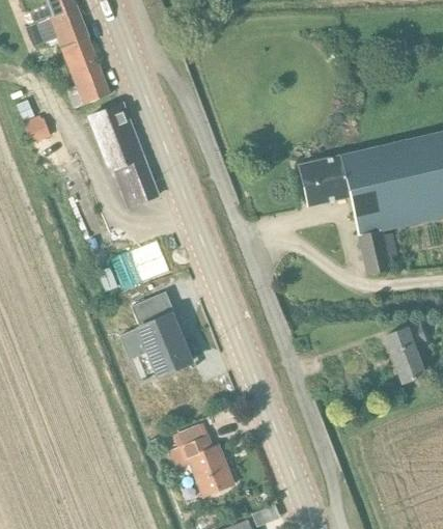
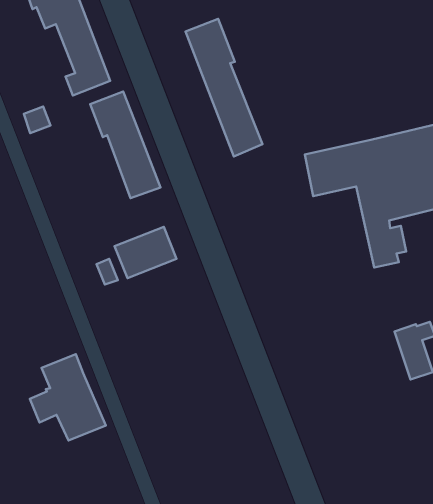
building: none -> [186,19,263,156]
building: [119,293,193,377] -> [30,354,106,441]
building: [169,423,232,496] -> none

